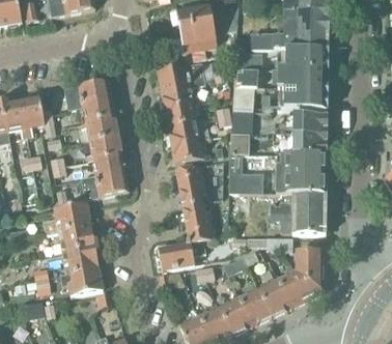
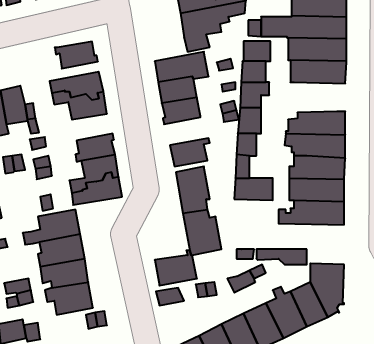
building: [281,90,327,110] -> none
building: [82,118,120,142] -> [55,42,98,69]
building: [166,119,208,146] -> none
building: [268,216,326,234] -> none

